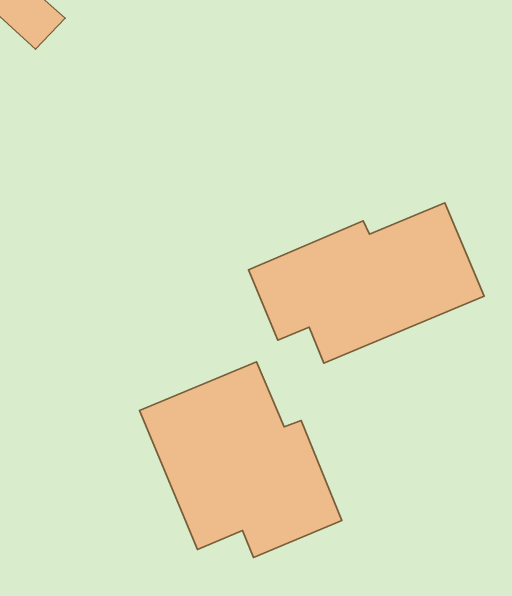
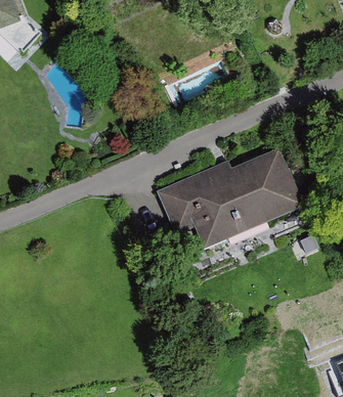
building: [139,362,342,557] -> none

